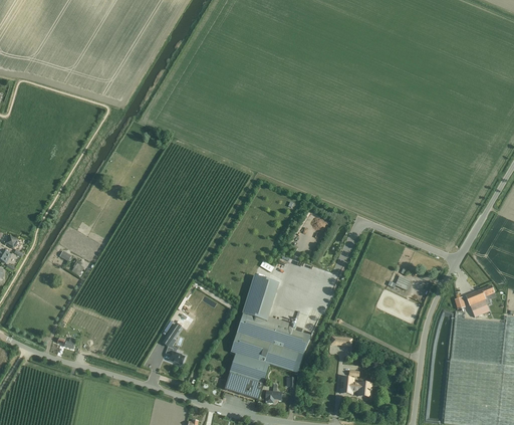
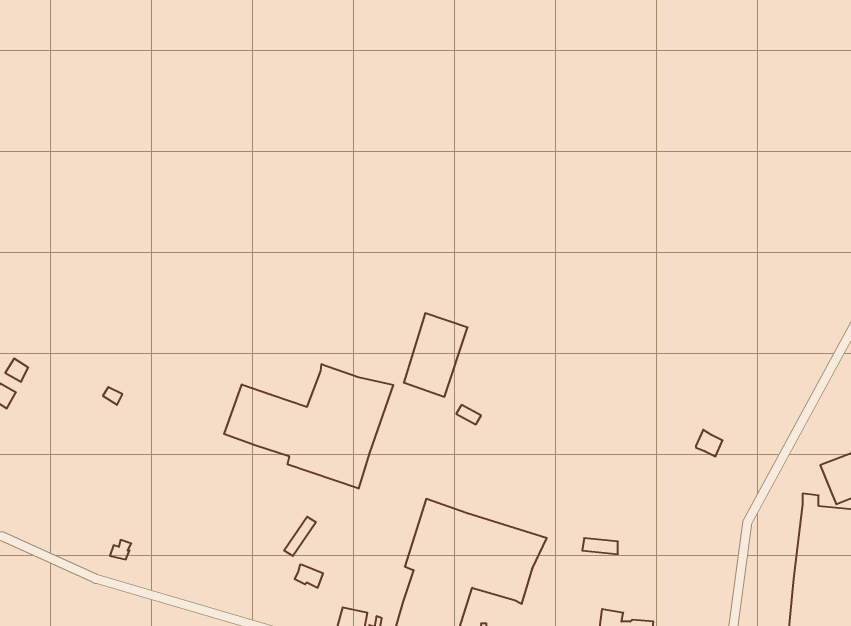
building: none -> [224,364,393,489]
building: [243,274,279,322] -> [404,313,468,397]

